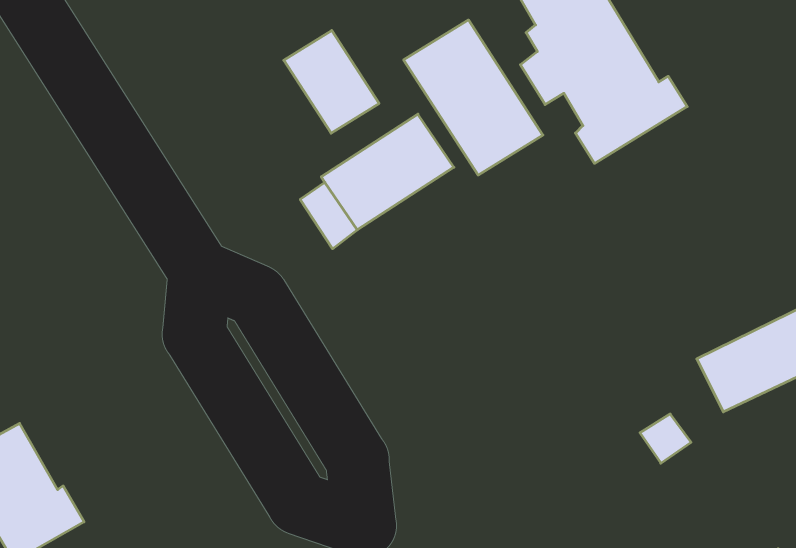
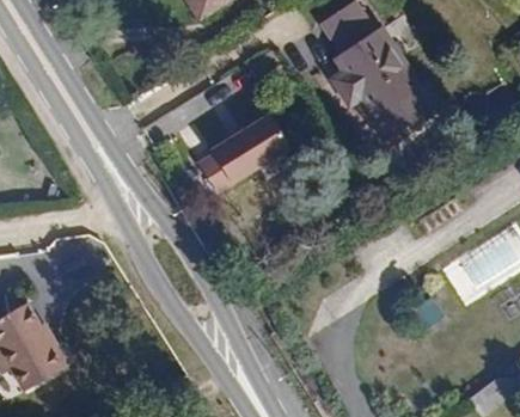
building: [404,20,543,175] -> none
building: [284,30,379,133] -> none

